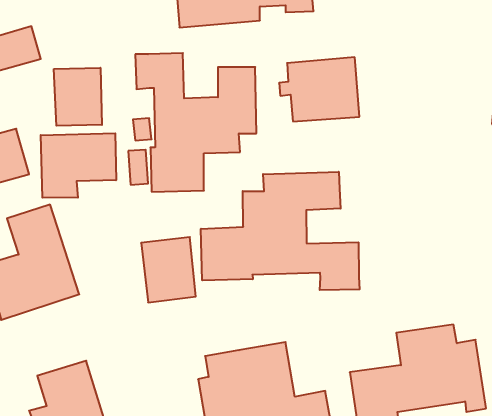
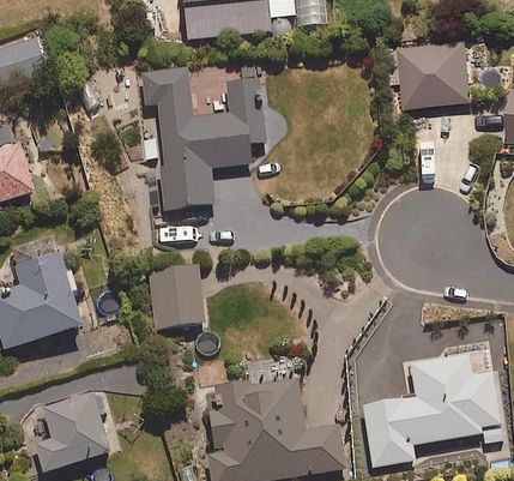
building: [279,57,359,121] -> [389,46,472,112]
building: [54,68,102,126] -> none
building: [41,133,116,198] -> none
building: [201,172,360,290] -> none

